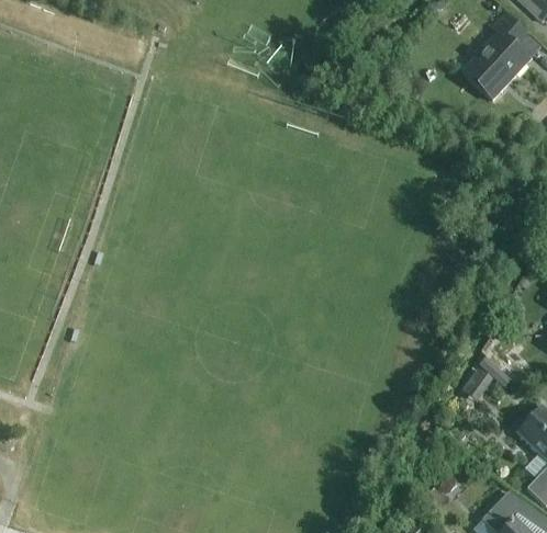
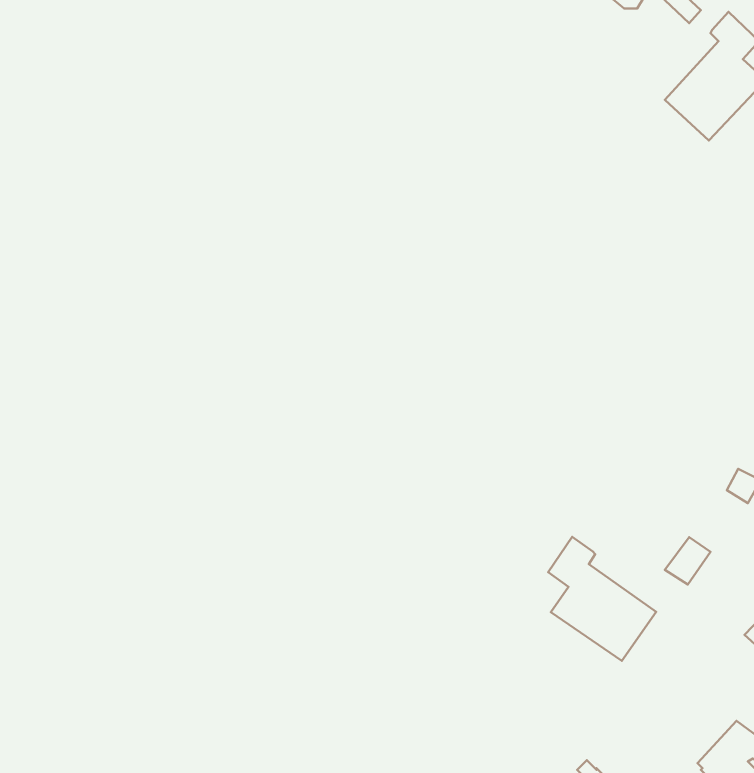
building: none -> [548,537,656,661]

